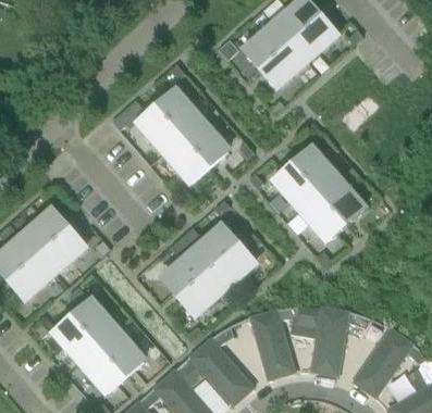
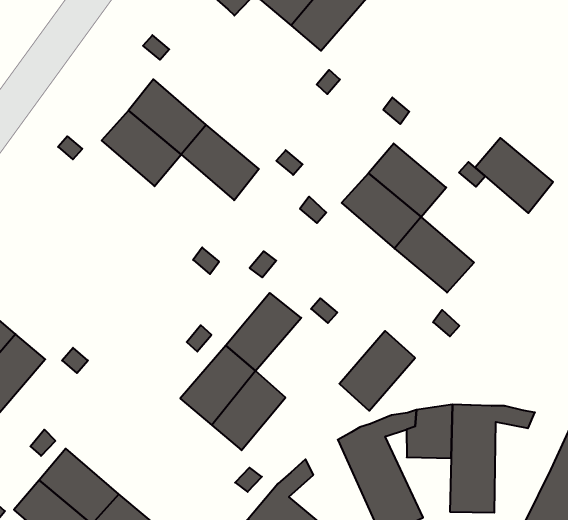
building: [164,136,210,183] -> none
building: [319,178,363,225] -> [475,138,553,213]
building: [208,242,255,288] -> [339,331,415,411]

